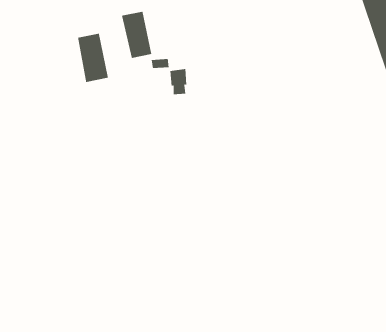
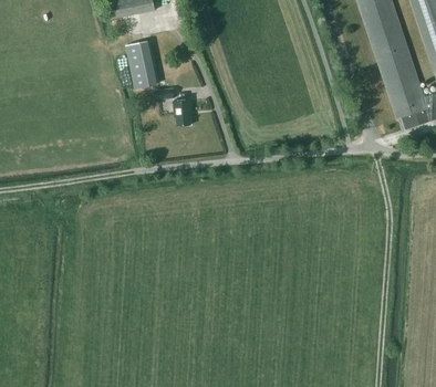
building: [78,33,108,83] -> none

